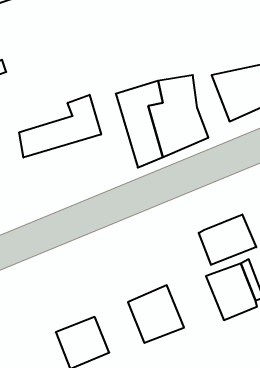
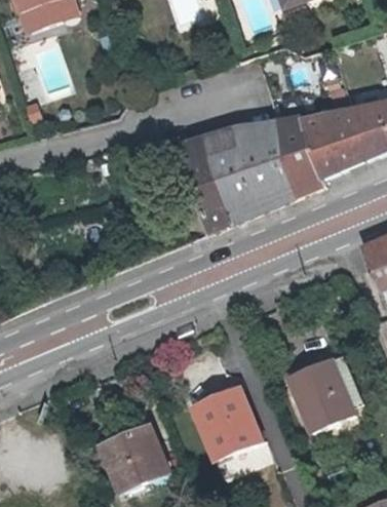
building: none -> [274,117,323,199]
building: [19,95,101,158] -> none
building: [199,214,256,265] -> none

